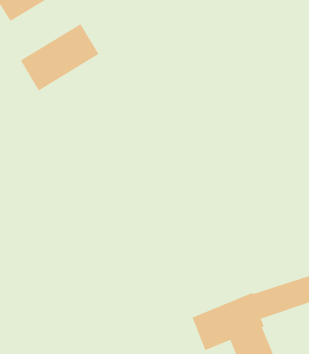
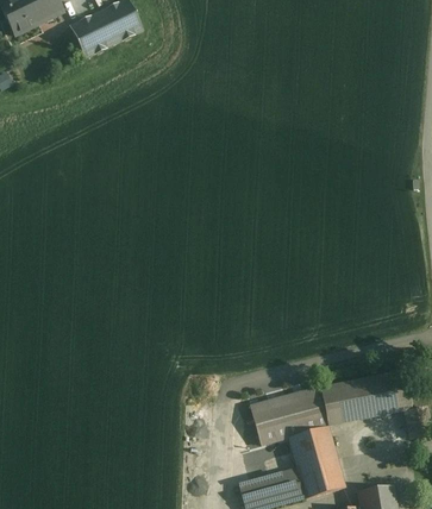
building: [20,23,99,91] -> none

